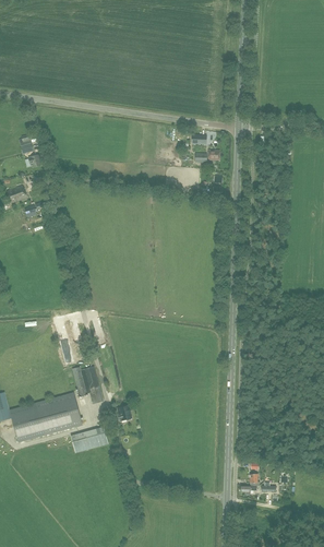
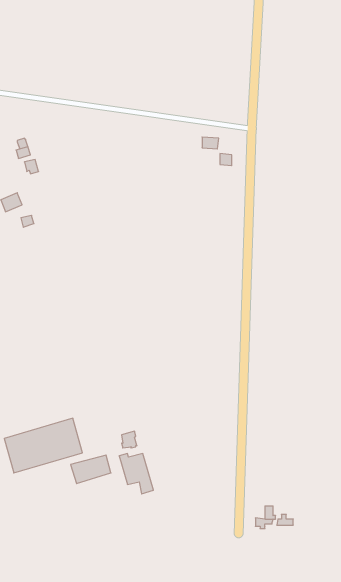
building: [72,365,104,402] -> [119,454,153,494]

